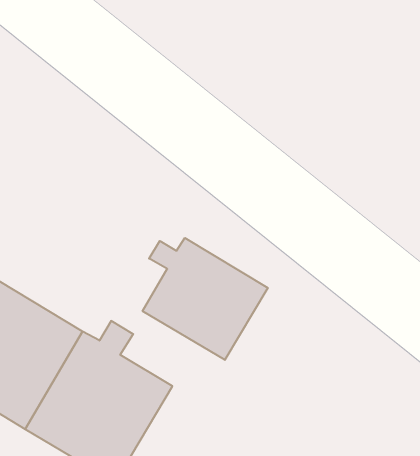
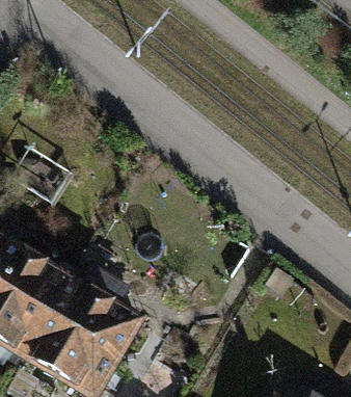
building: [143,238,268,360] -> none

